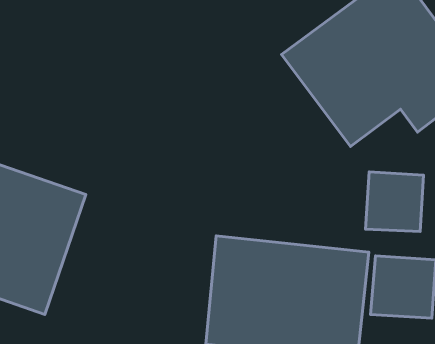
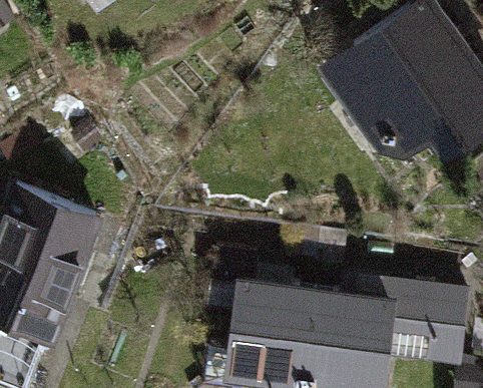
building: [365,172,424,232] -> none

